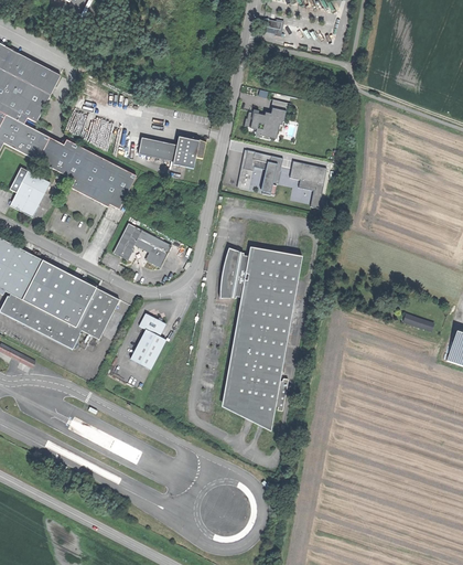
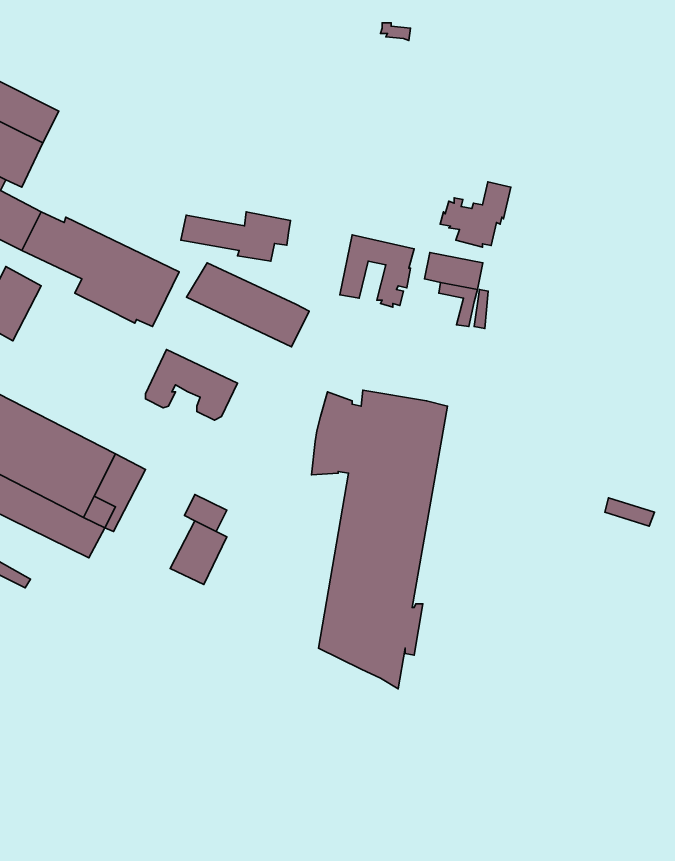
building: [243,99,287,140] -> [440,182,511,247]
building: none -> [187,263,309,347]

